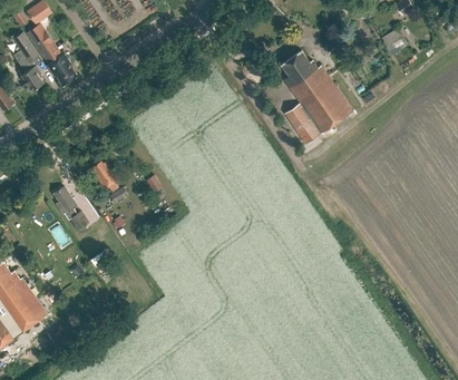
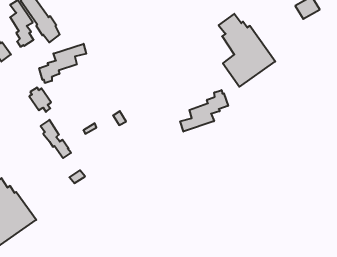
building: none -> [39,44,86,83]
building: none -> [180,90,228,132]
building: [91,160,119,192] -> [29,88,51,112]

